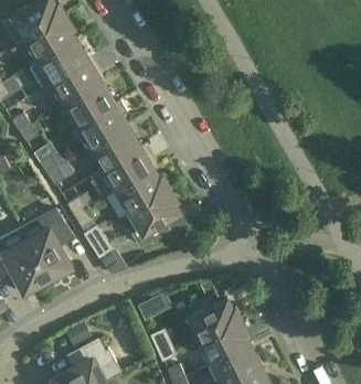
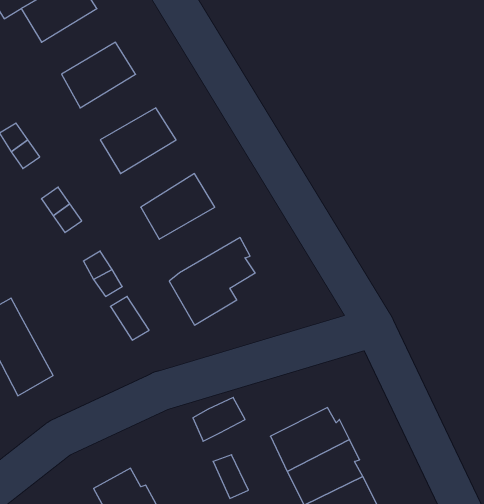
building: [30,38,87,86] -> none
building: [64,81,114,124] -> none
building: [91,124,139,168] -> none
building: [116,168,169,211] -> none
building: [19,209,70,278] -> none

